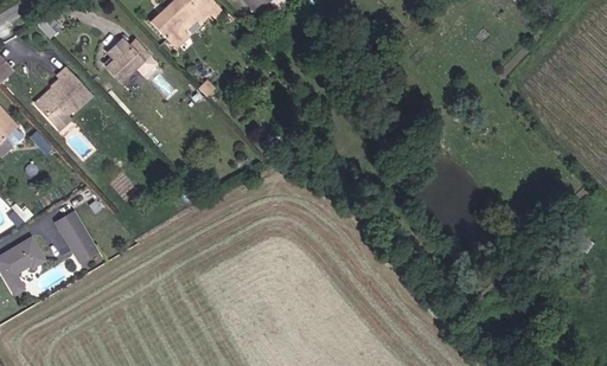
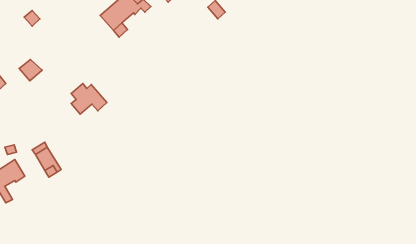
building: [109,39,160,83] -> [71,84,107,114]
building: [52,68,89,108] -> none

